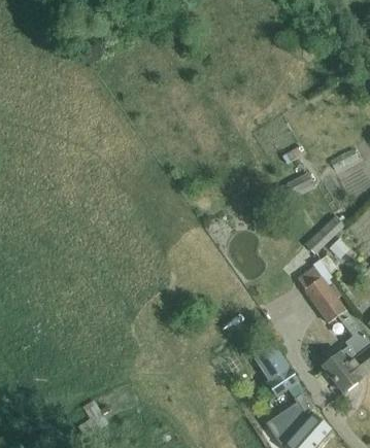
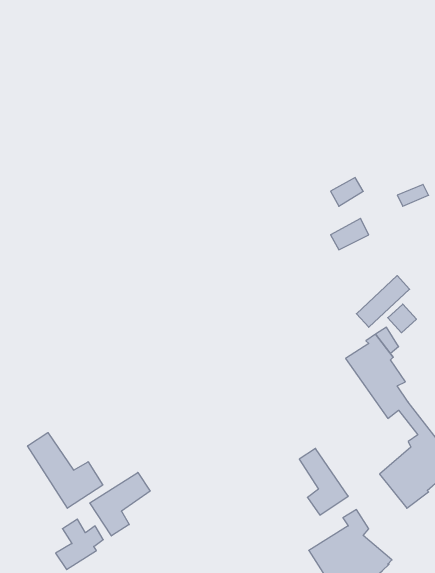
building: none -> [28,433,103,508]
building: none -> [90,472,150,536]

